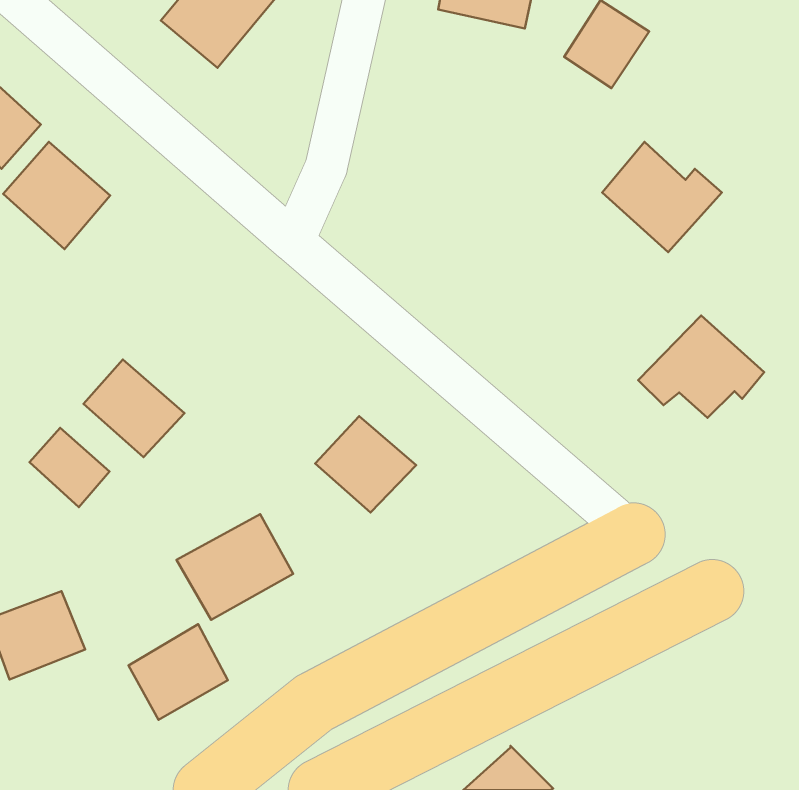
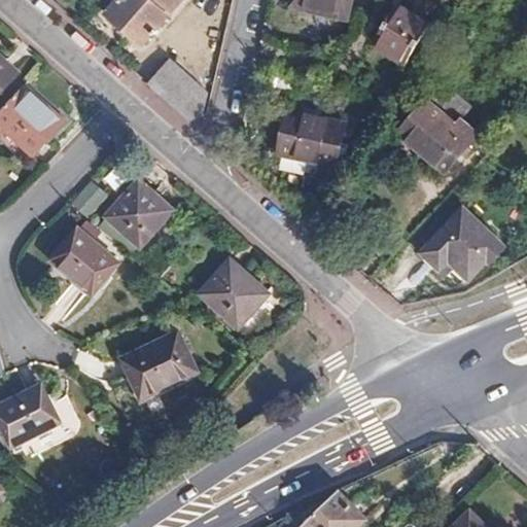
building: none -> [146,56,207,121]
building: none -> [276,107,346,165]
building: none -> [110,187,178,255]
building: [29,428,109,507] -> none
building: [128,624,228,720] -> none

